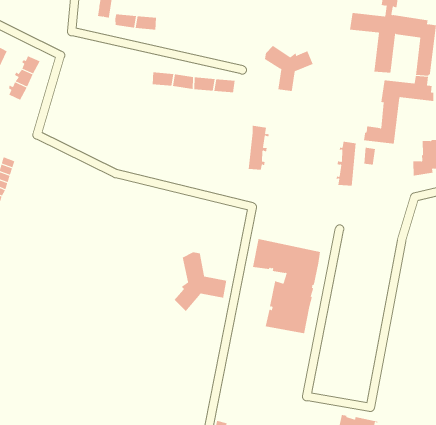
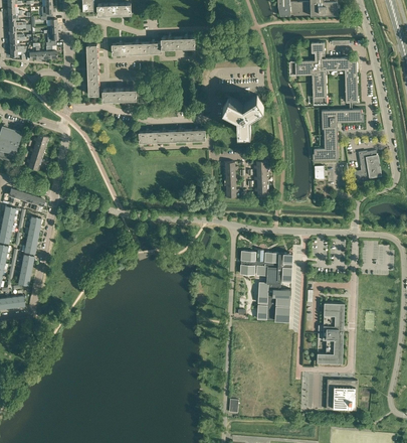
building: [336,141,356,186] -> [254,162,269,197]
building: [174,252,227,312] -> none
building: none -> [317,303,344,364]

